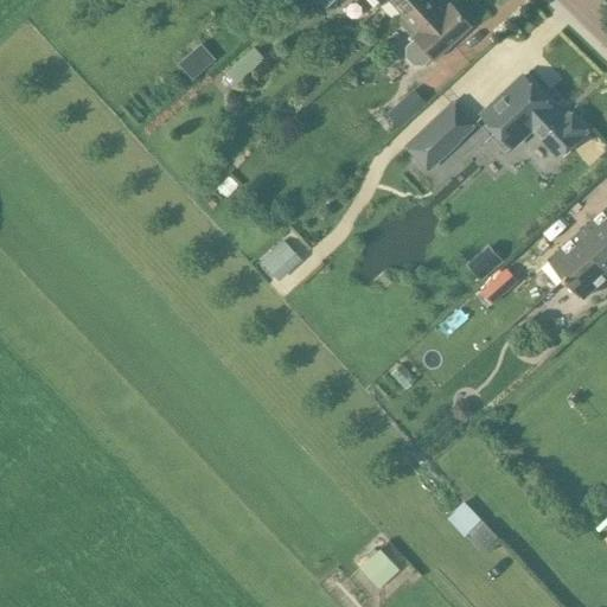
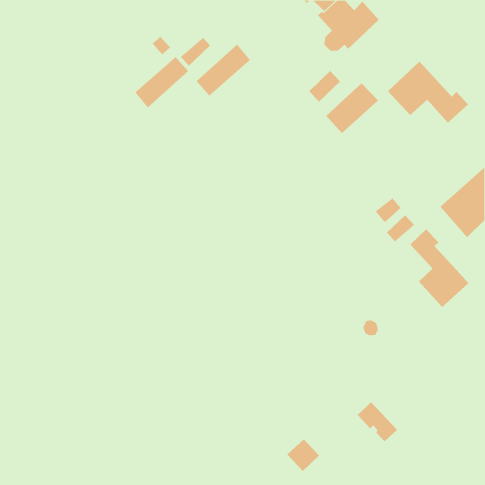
building: none -> [196,44,251,96]
building: none -> [134,56,189,108]
building: [258,237,301,279] -> none
building: none -> [409,228,469,308]

